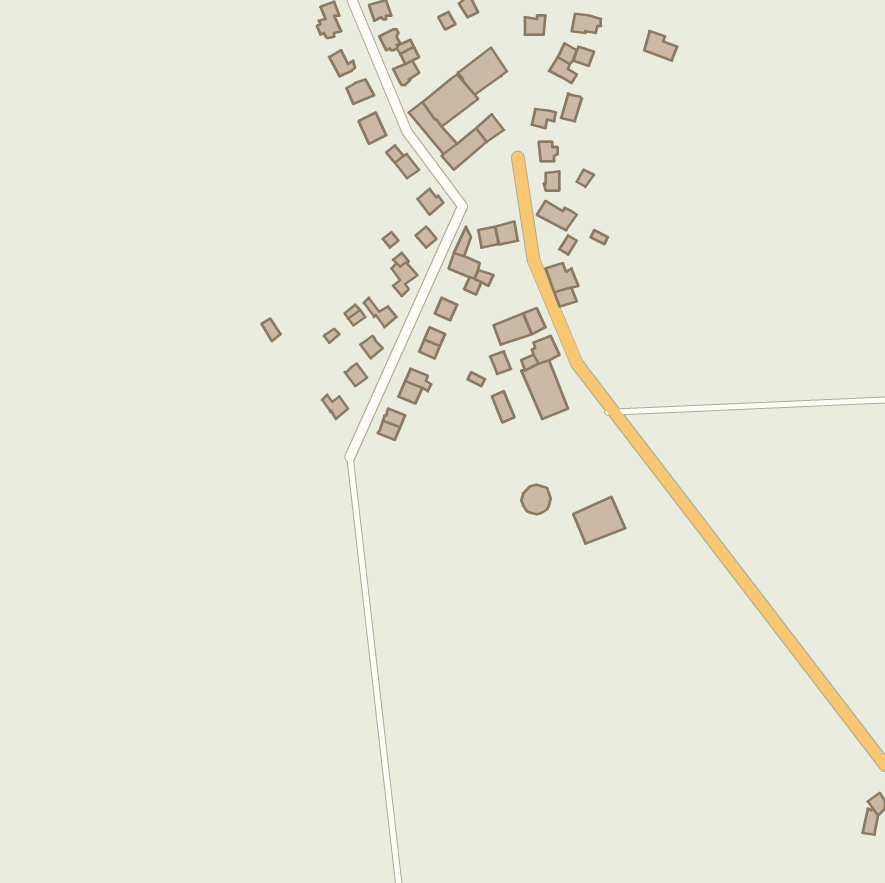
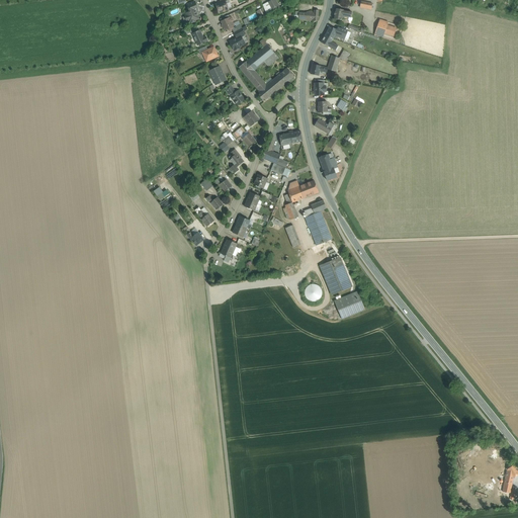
building: [458,48,507,95] -> none
building: none -> [321,257,351,293]

